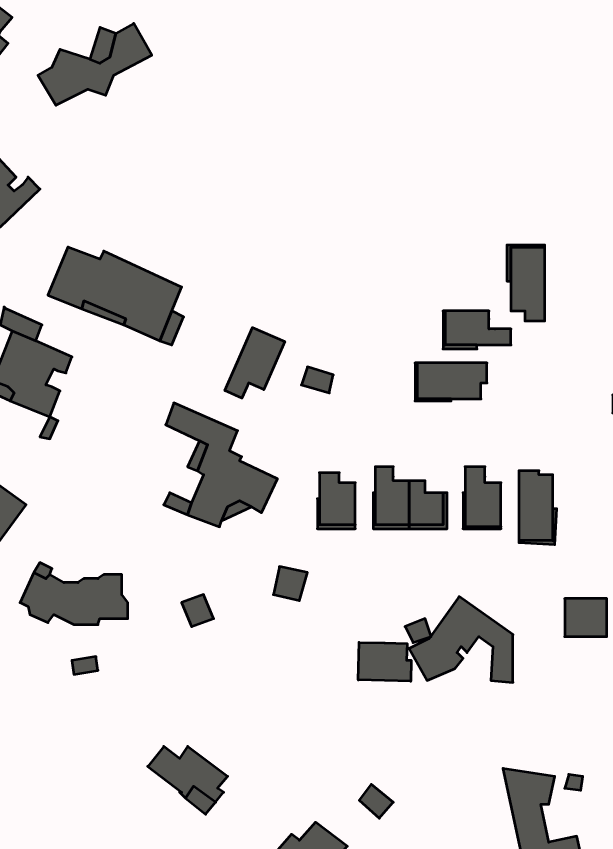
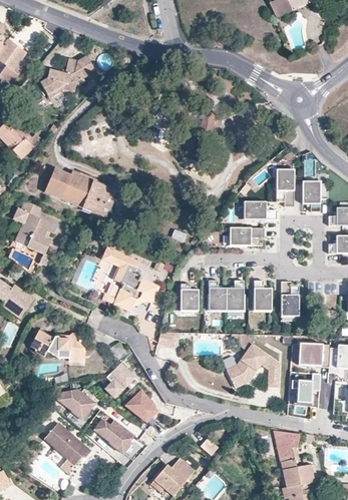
building: none -> [302,180,320,210]
building: [225,328,285,398] -> none
building: none -> [105,361,134,397]
building: [358,642,411,681] -> none
building: none -> [296,374,320,404]
building: none -> [57,383,97,419]
building: none -> [126,390,158,427]
building: none -> [42,424,90,466]

